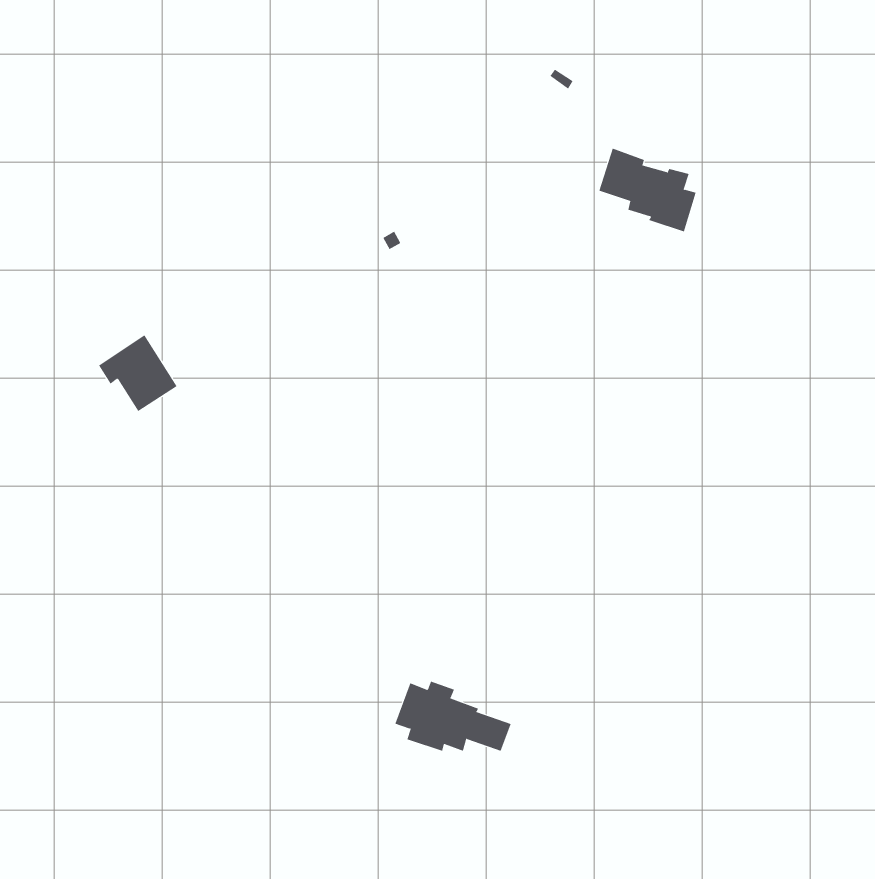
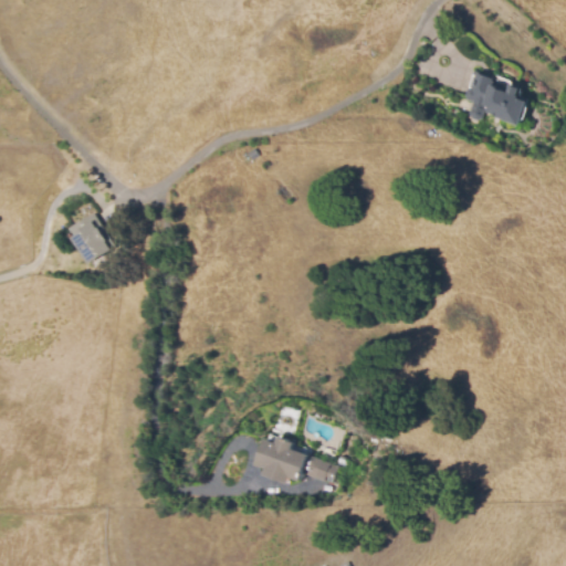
building: [598,148,697,232] -> [463,71,526,125]

